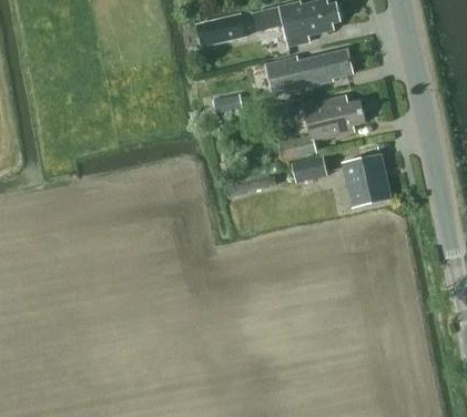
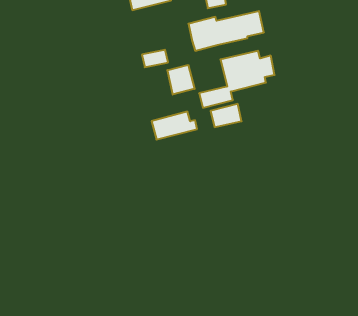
building: none -> [167,65,195,95]
building: [342,153,390,207] -> none

